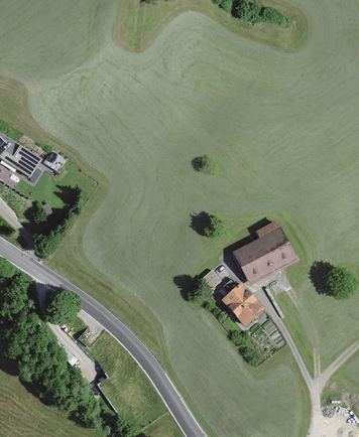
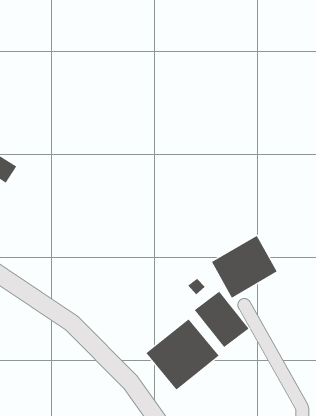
building: none -> [145,318,219,390]

